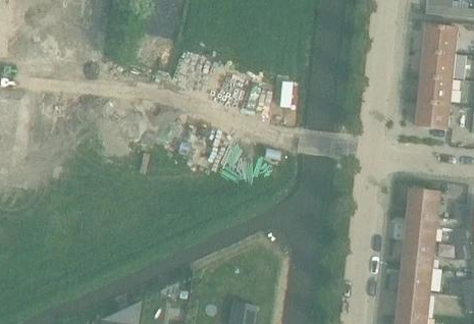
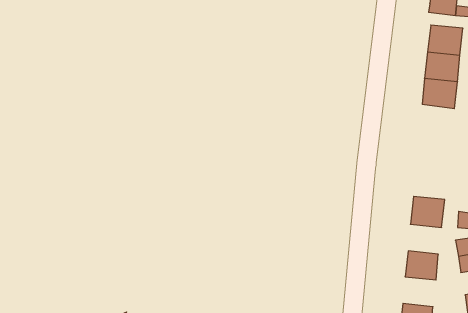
building: [416,100,450,129] -> none
building: [406,214,437,242] -> none
building: [401,264,432,292] -> none

